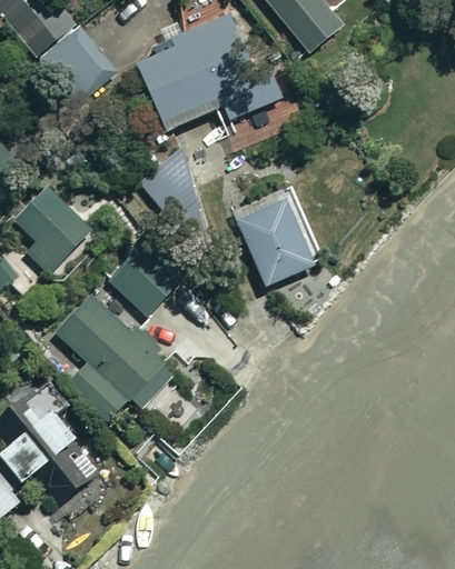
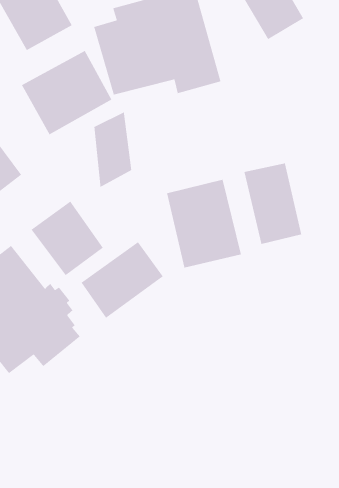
building: none -> [21,50,113,136]
building: none -> [244,163,302,245]
building: none -> [80,241,164,319]

